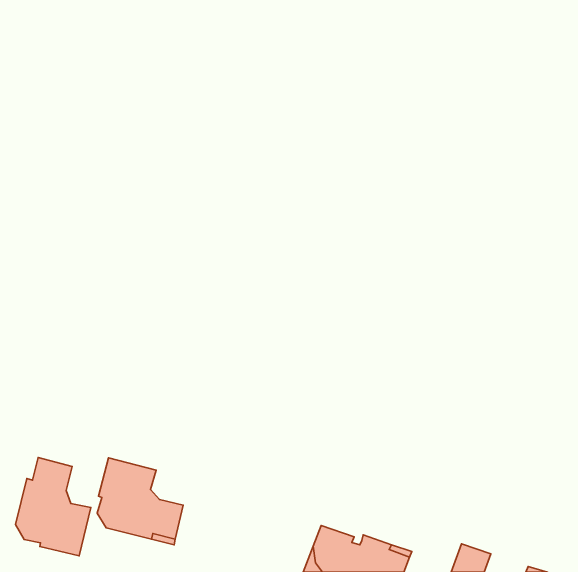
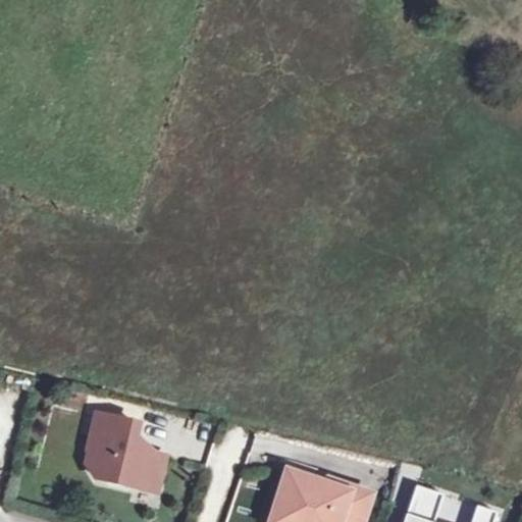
building: [15,457,91,556] -> none

